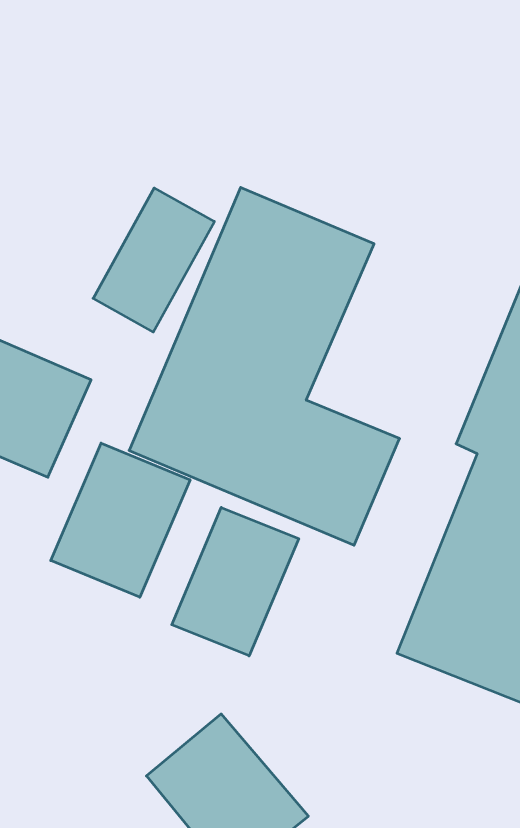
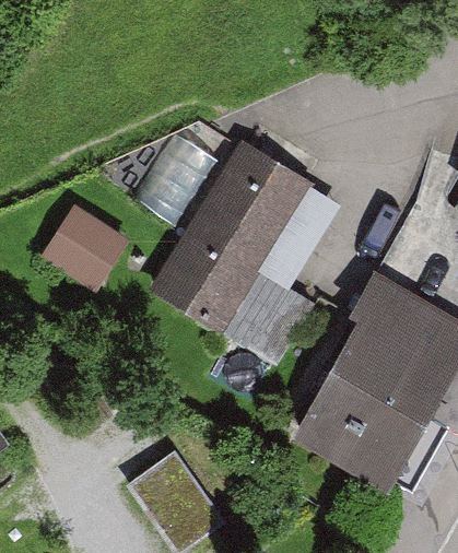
building: [51,443,190,597] -> none
building: [172,507,299,656] -> none

